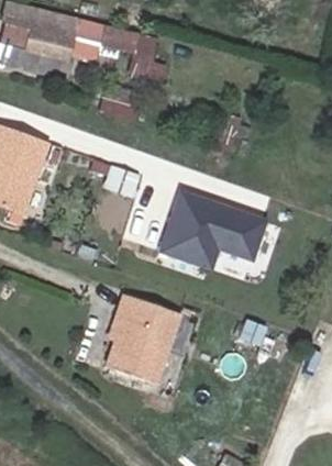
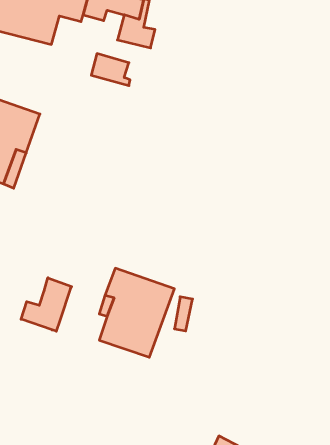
building: [166,189,267,260] -> none
building: none -> [21,278,72,331]

